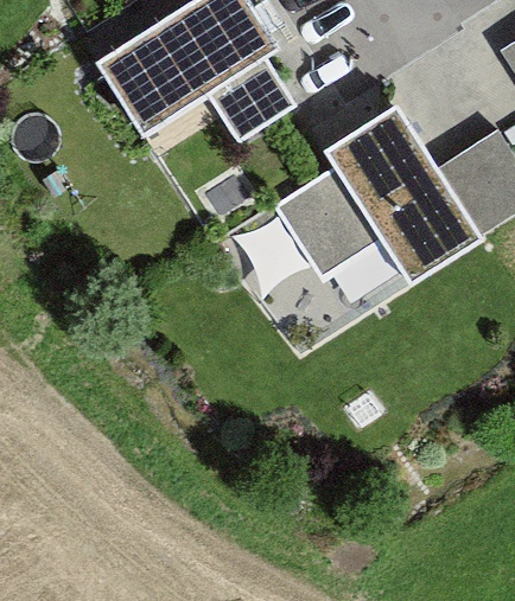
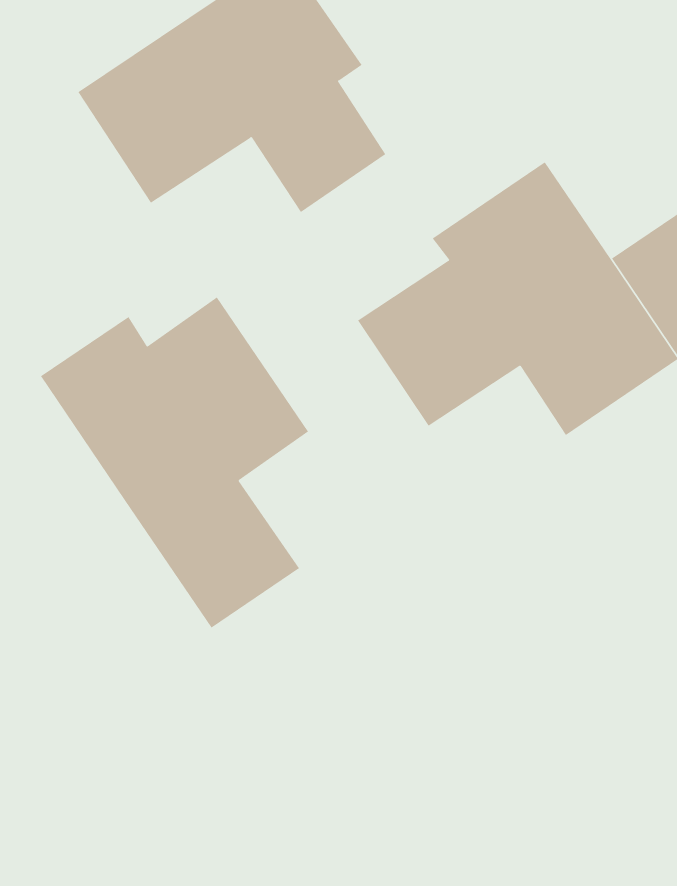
building: none -> [40,297,309,628]

